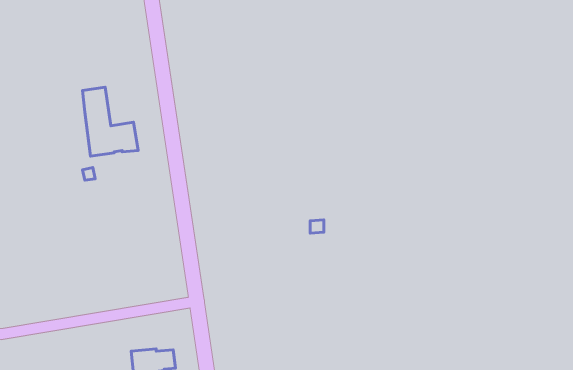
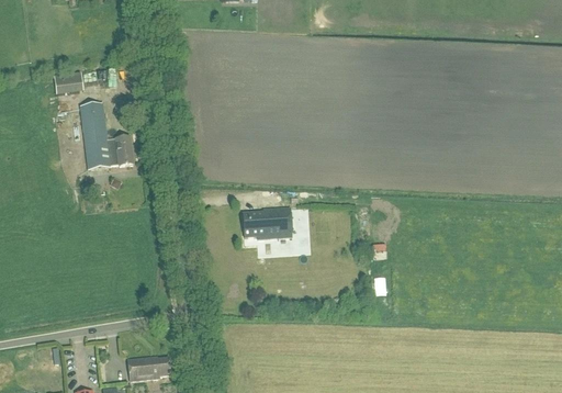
building: none -> [54,74,82,94]
building: none -> [243,206,292,236]

